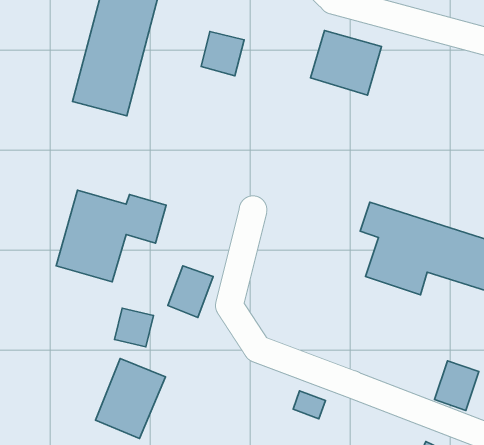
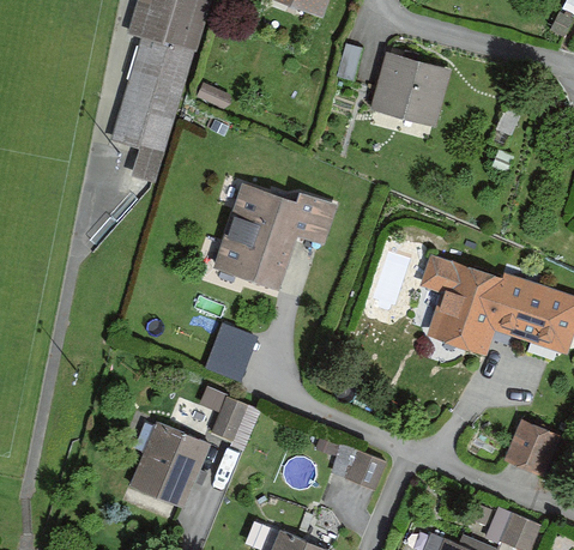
building: [201,31,244,76] -> none
building: [56,190,166,282] -> [215,188,337,290]
building: [115,308,154,347] -> [215,398,258,441]

